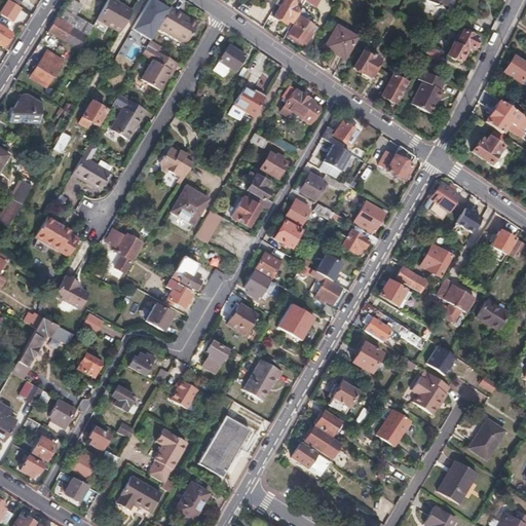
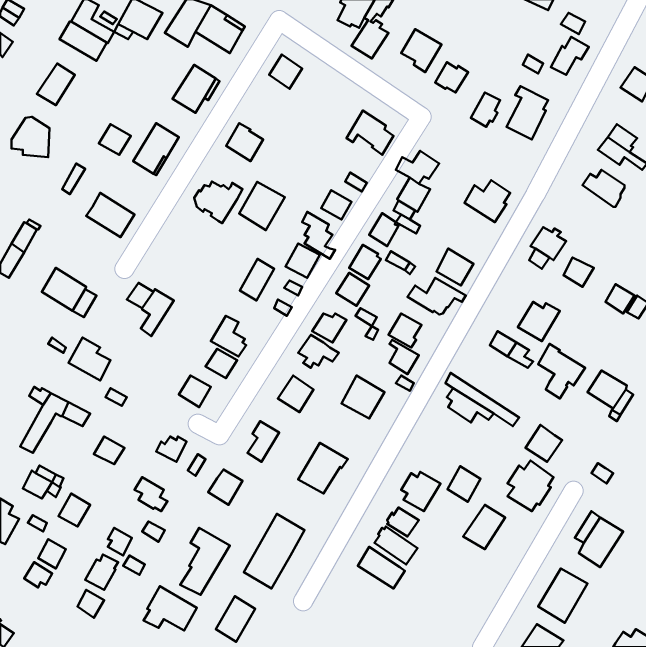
building: [235,86,265,117] -> [226,123,263,161]
building: [173,185,210,224] -> [239,182,285,230]
building: [381,279,411,305] -> none
building: [355,343,382,372] -> [447,466,480,502]

